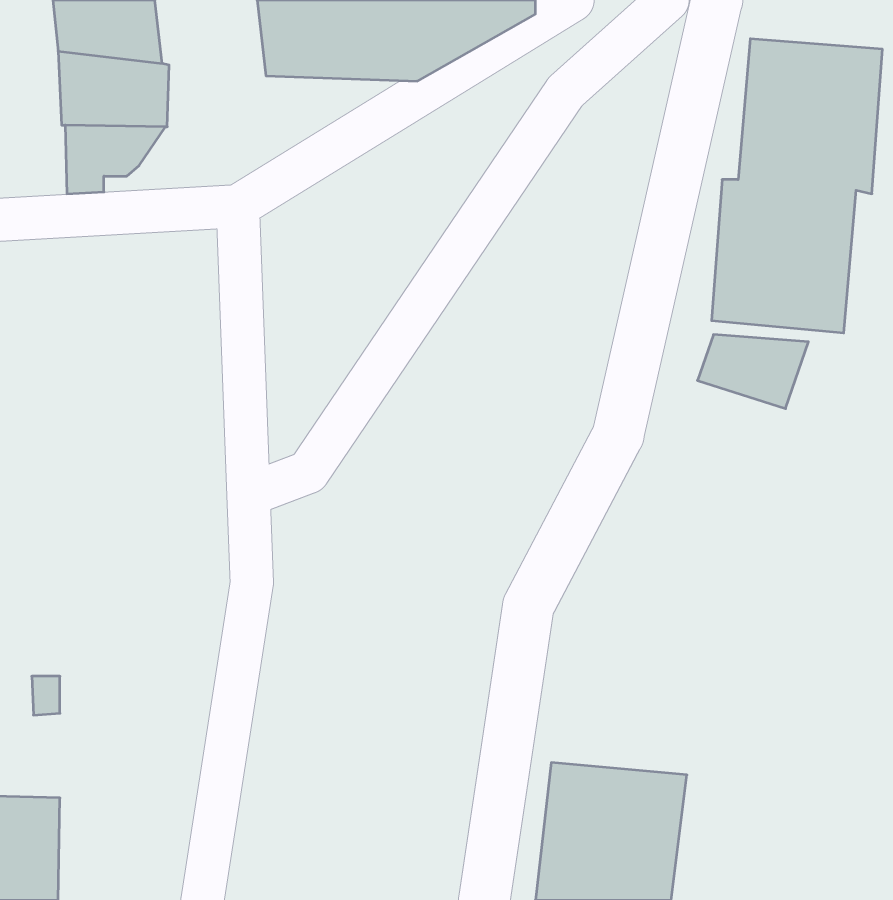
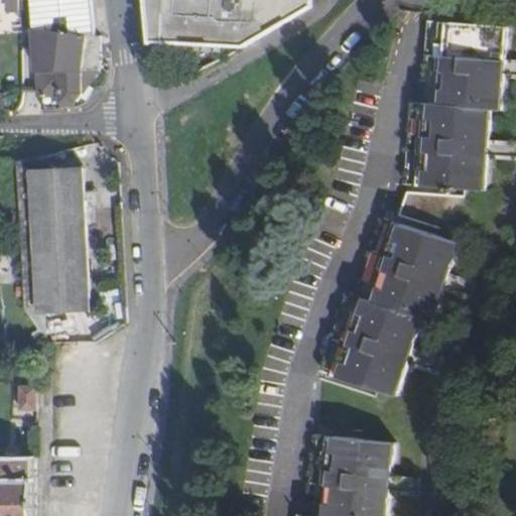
building: none -> [15,157,89,311]
building: none -> [322,221,457,397]

